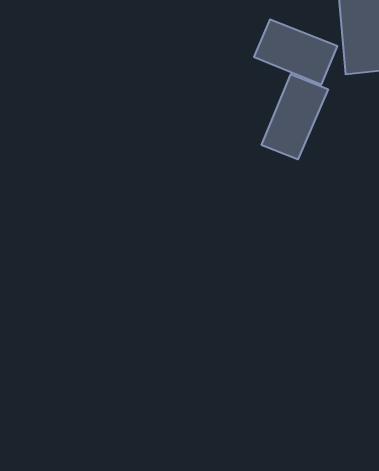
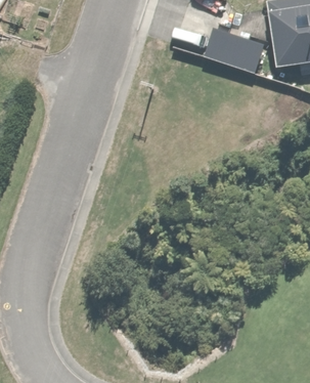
building: [262,74,328,159] -> none

